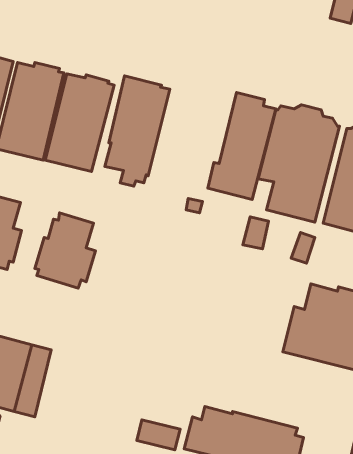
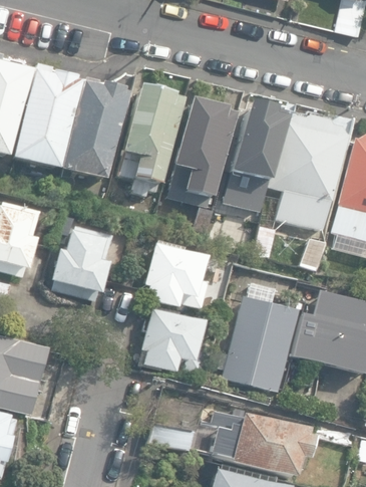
building: none -> [168,99,233,206]
building: none -> [145,241,210,305]
building: none -> [223,295,299,392]
building: none -> [141,308,205,374]

